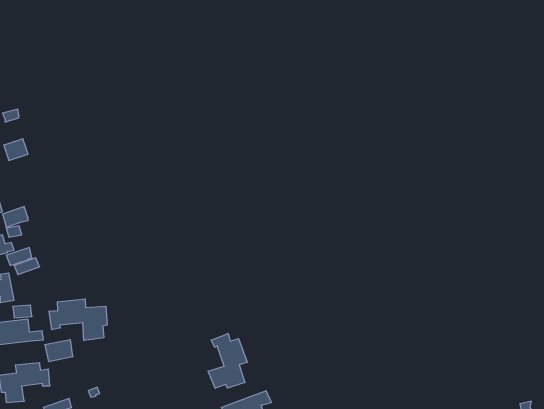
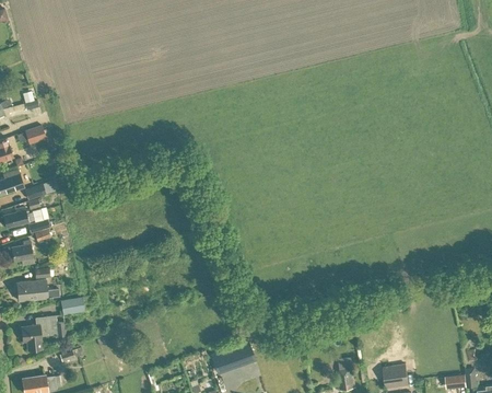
building: [49,299,107,341] -> none
building: [208,333,247,388] -> none

